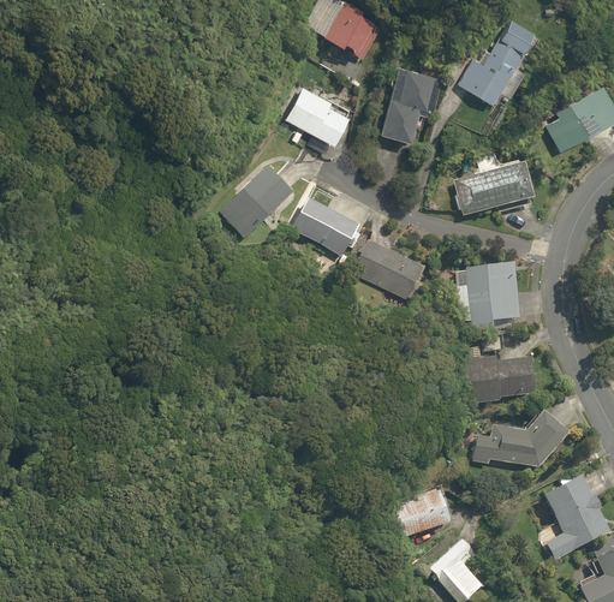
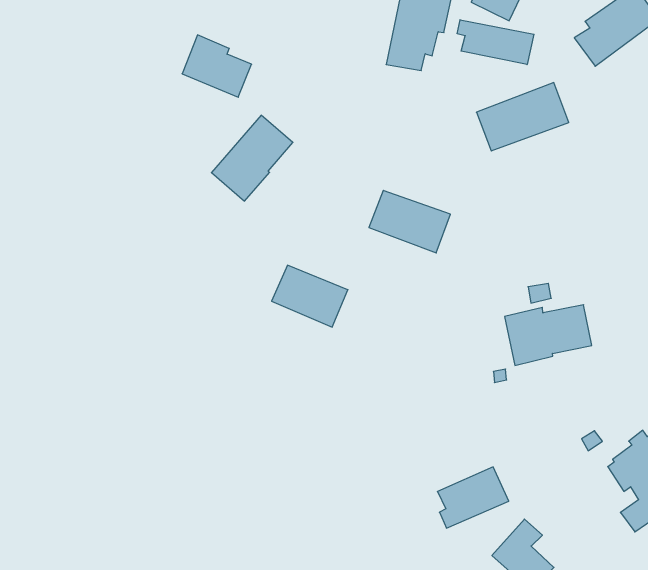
building: [287,87,348,144] -> [182,35,252,97]
building: none -> [457,20,534,65]
building: [292,199,359,257] -> [272,265,348,327]
building: [464,261,518,335] -> none
building: [475,411,568,467] -> none

